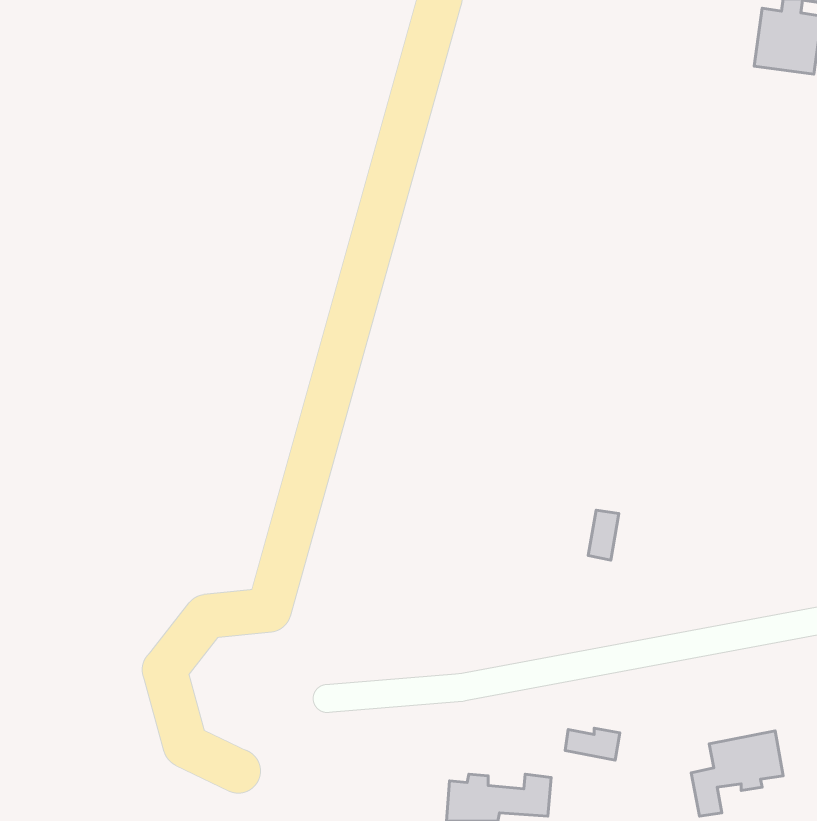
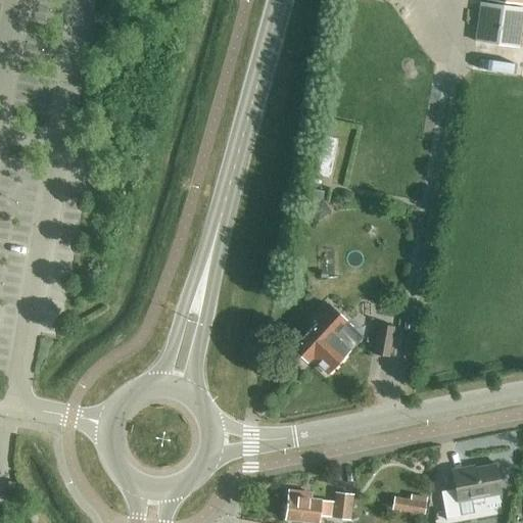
building: none -> [292,313,359,375]
building: [565,728,620,760] -> [395,492,430,513]

